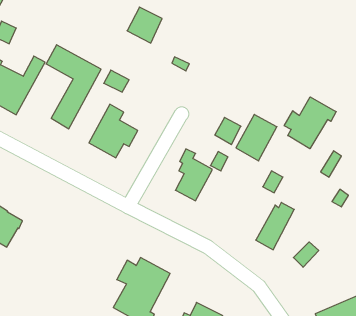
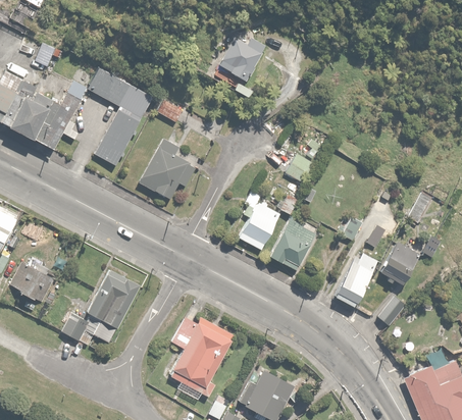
building: [127,7,162,43] -> [219,38,260,80]
building: [284,97,336,149] -> none
building: [236,114,277,161] -> [270,217,318,271]
building: none -> [380,241,422,284]
building: none -> [59,270,141,346]

